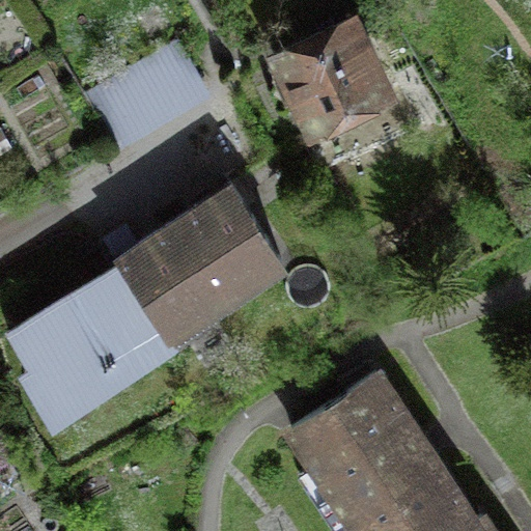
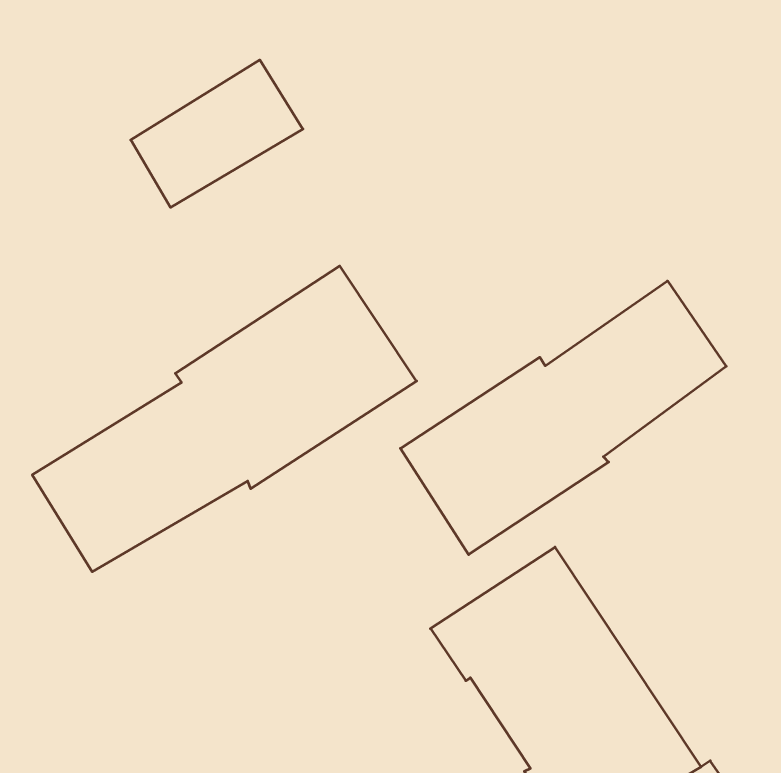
building: [277,23,391,134] -> none
building: none -> [400,281,726,555]

